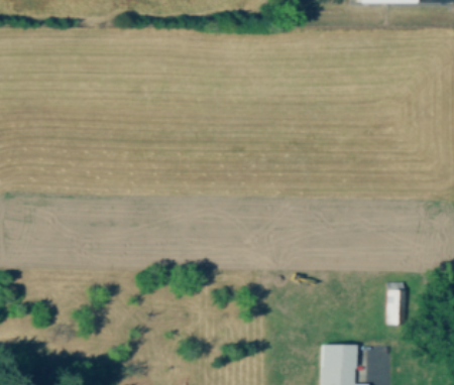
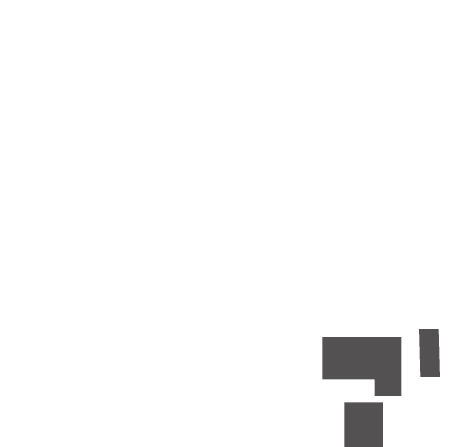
building: none -> [322,336,402,397]

